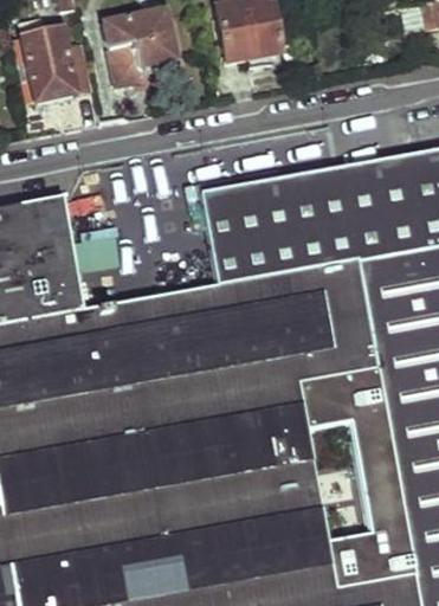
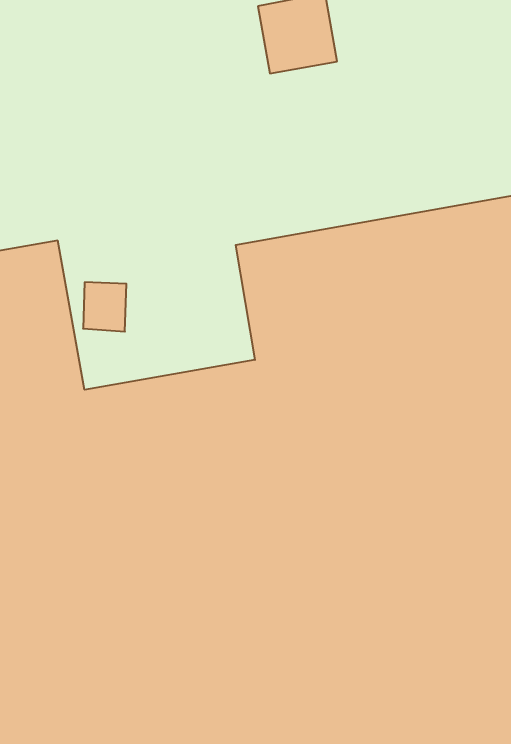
building: [106,11,177,84] -> none
building: [22,27,78,99] -> none

